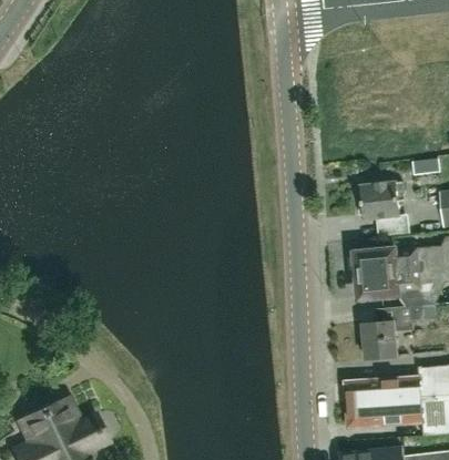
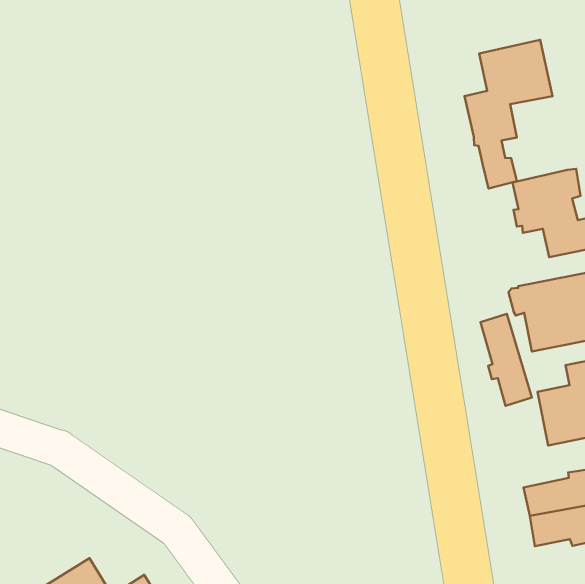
building: none -> [464,40,553,189]
building: none -> [481,314,532,406]

